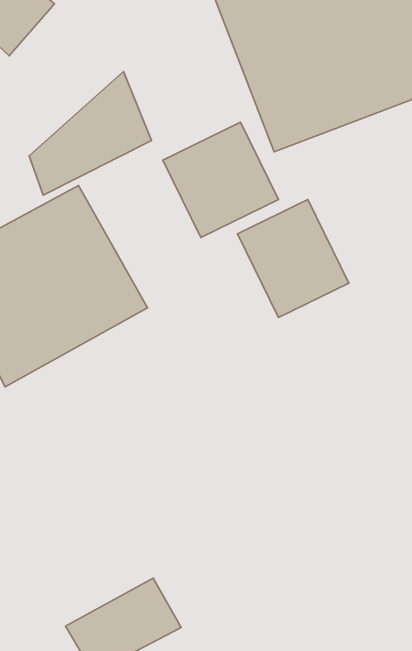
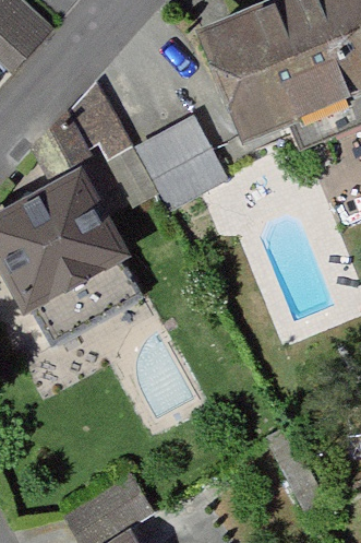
building: [237,199,349,318] -> none

